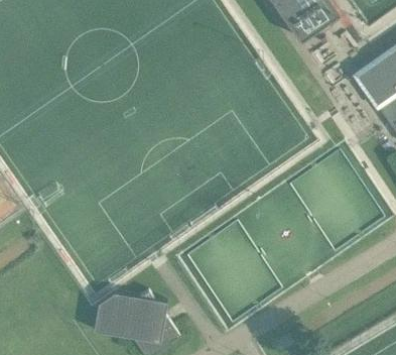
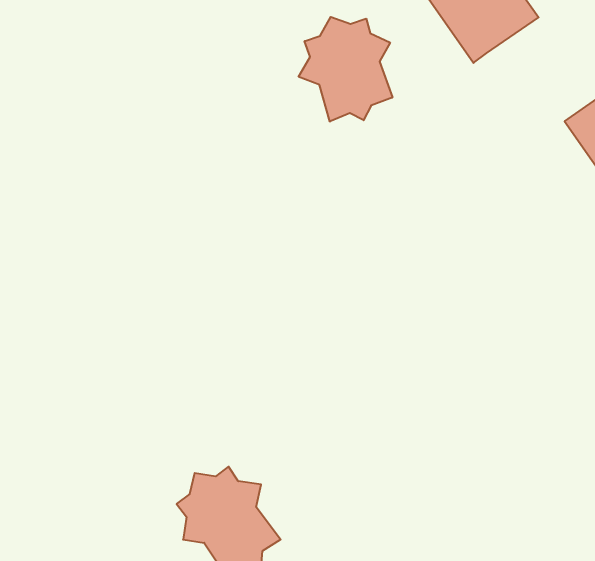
building: none -> [299,17,392,122]
building: [90,294,125,337] -> none

